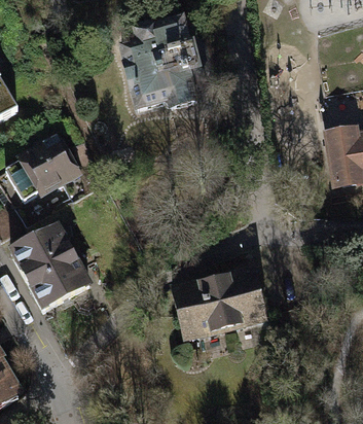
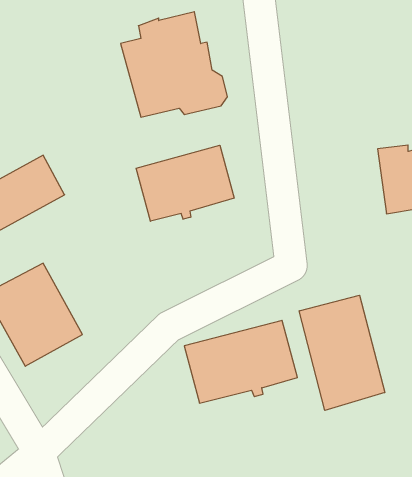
building: none -> [136,145,234,221]
building: none -> [299,295,385,410]

